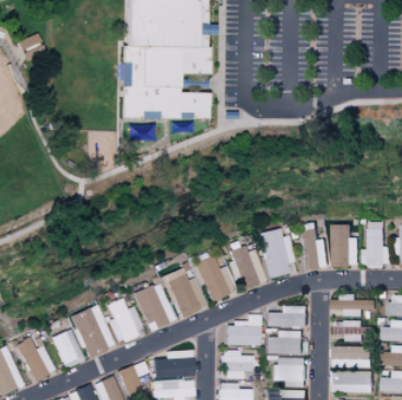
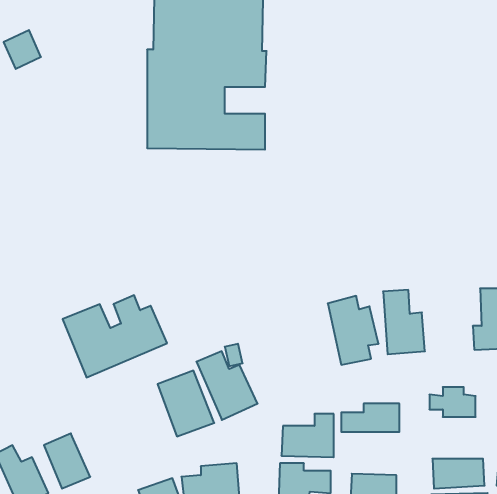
building: [333,224,360,267] -> none
building: [194,245,265,301] -> none
building: [69,297,145,357] -> [63,295,167,377]
building: [338,321,365,342] -> none
building: [269,330,306,354] -> none

